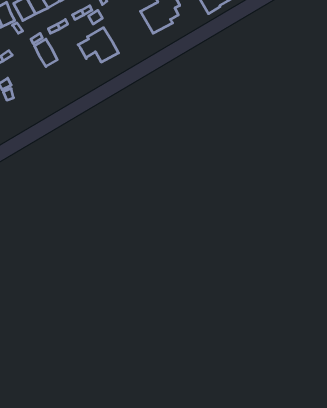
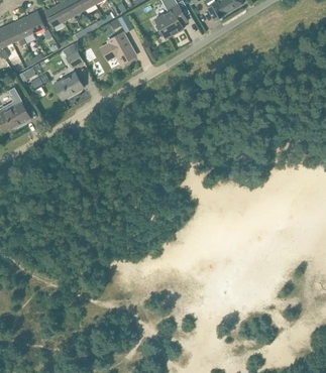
building: none -> [53,72,83,99]

